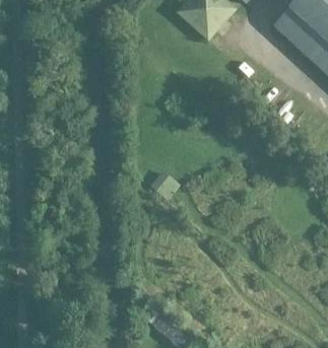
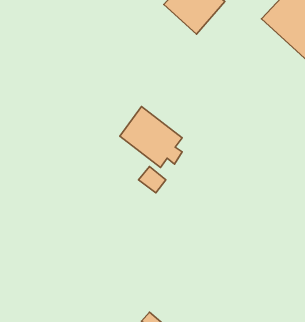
building: none -> [120,107,182,167]

